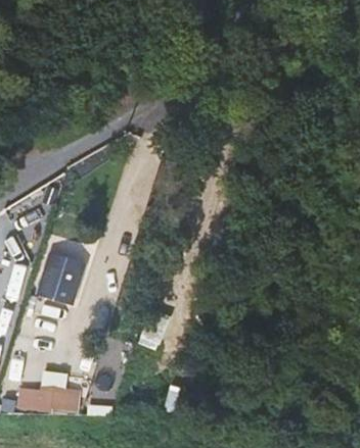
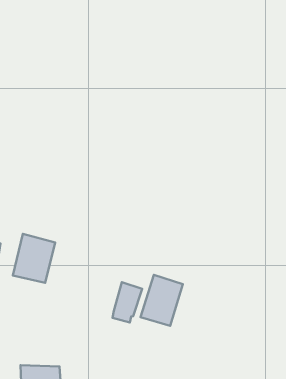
building: none -> [141,275,183,326]

